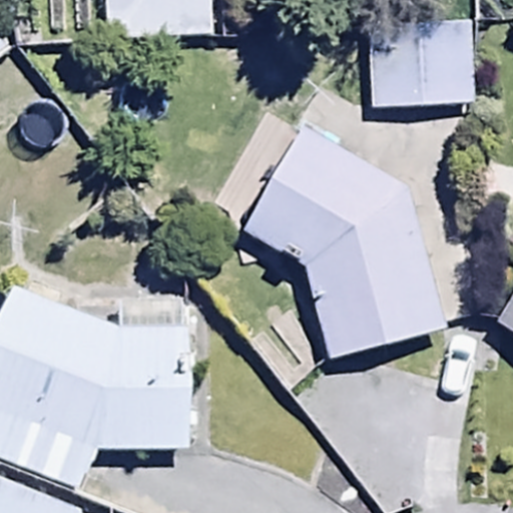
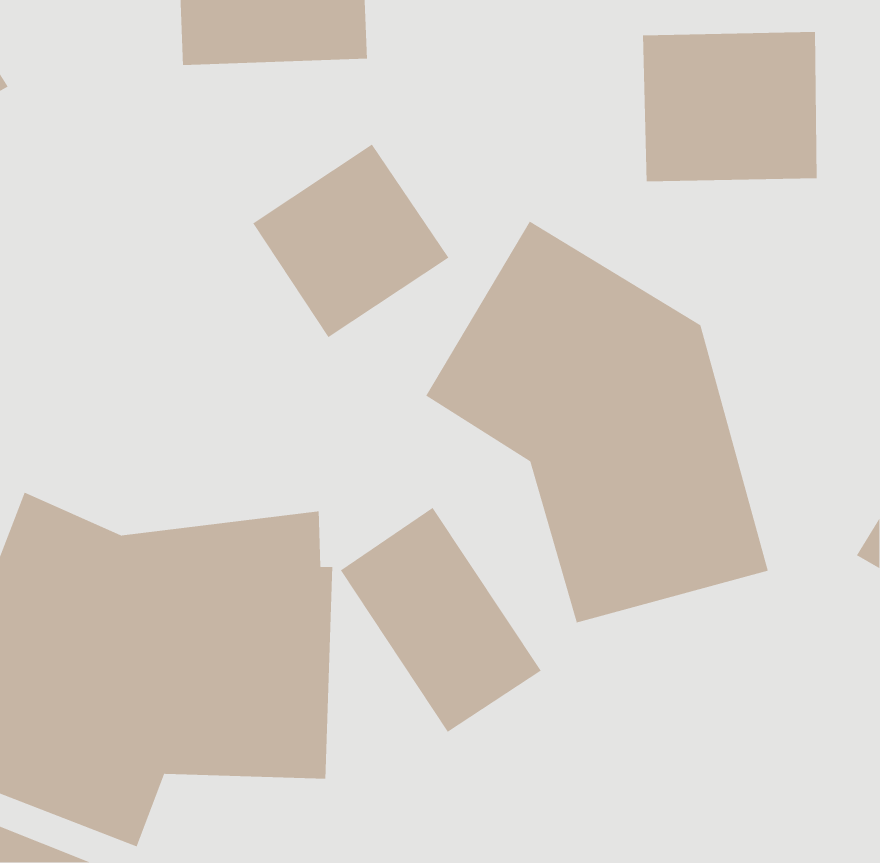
building: none -> [252,143,449,338]
building: none -> [340,507,542,733]

